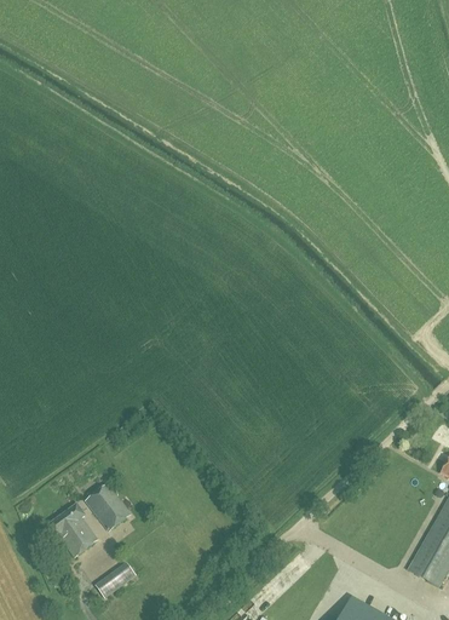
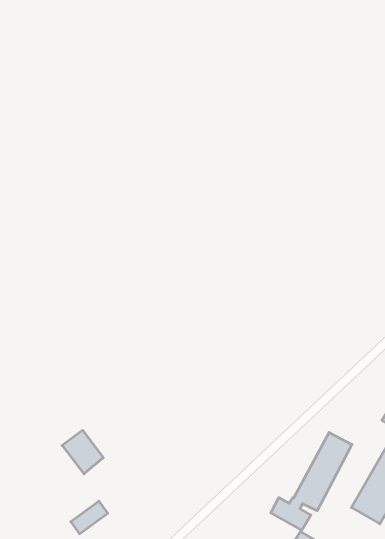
building: none -> [271,432,352,530]
building: [48,504,98,557] -> none

